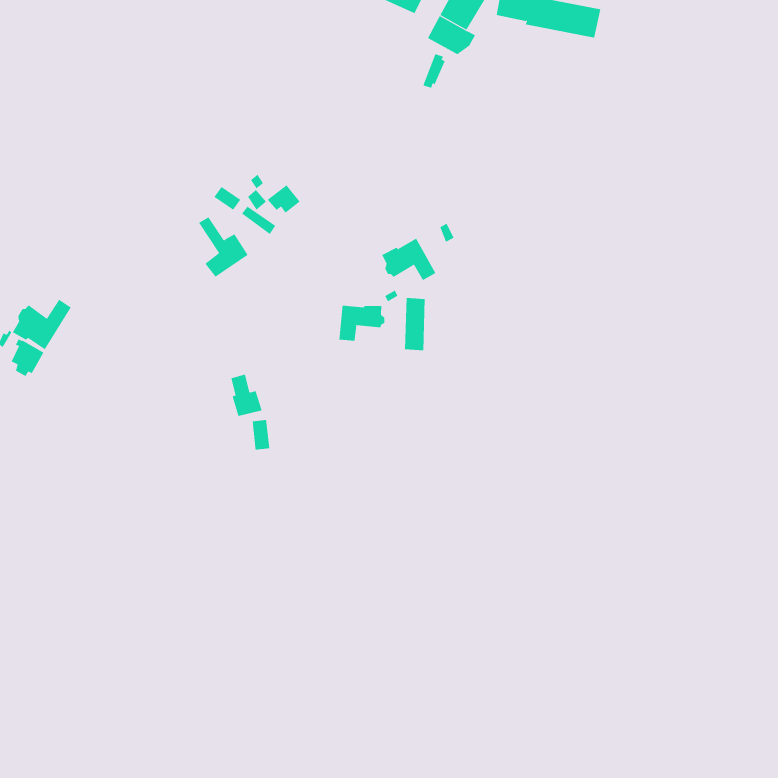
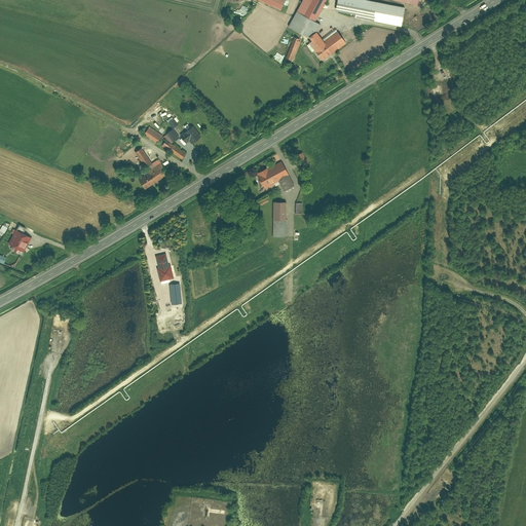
building: none -> [309,30,346,61]
building: [12,299,72,350] -> none
building: [339,305,385,341] -> none

